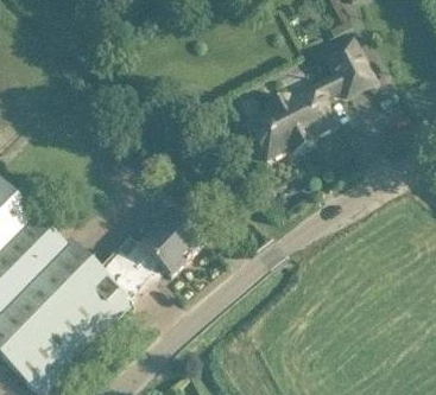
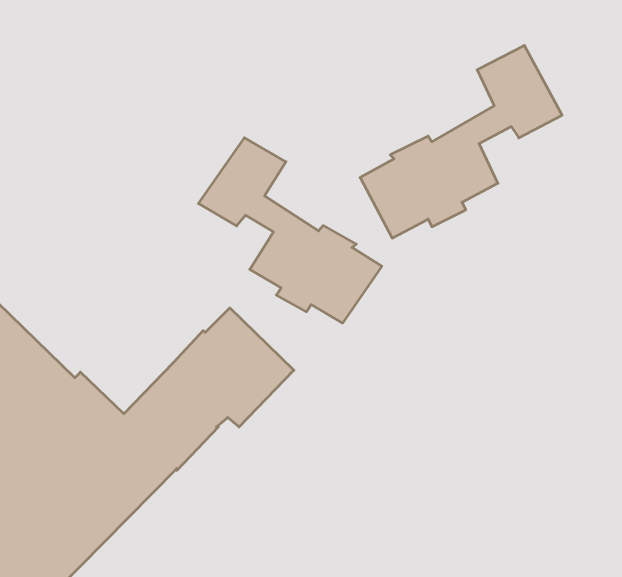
building: none -> [198,138,382,323]

